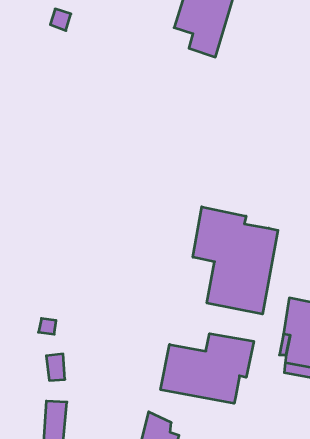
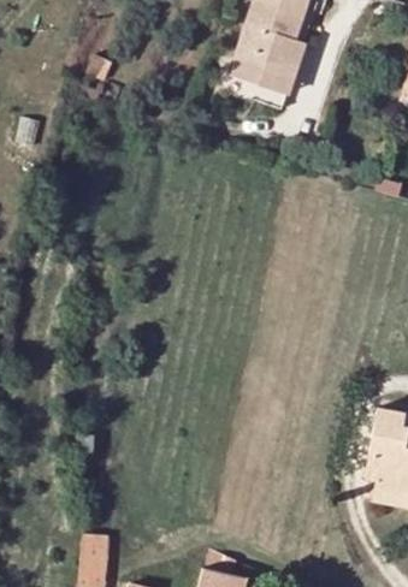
building: [193,207,278,314] -> none
building: [161,334,254,403] -> none

